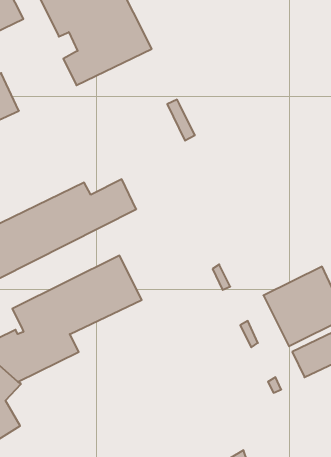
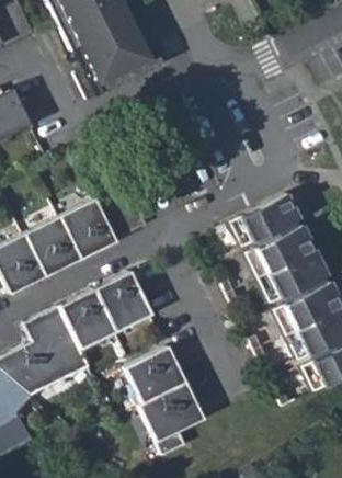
building: none -> [229,193,299,246]
building: none -> [244,225,327,303]
building: none -> [123,345,202,455]

